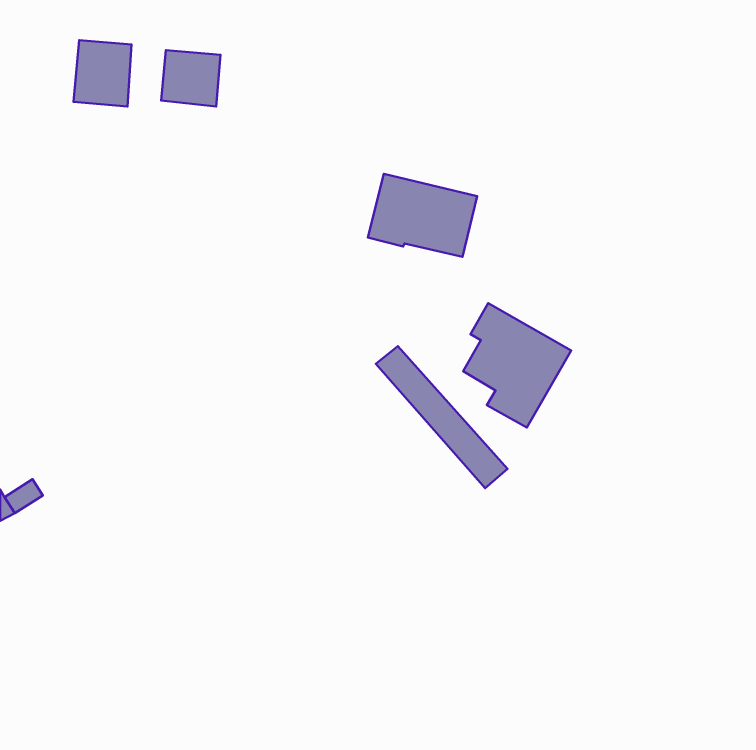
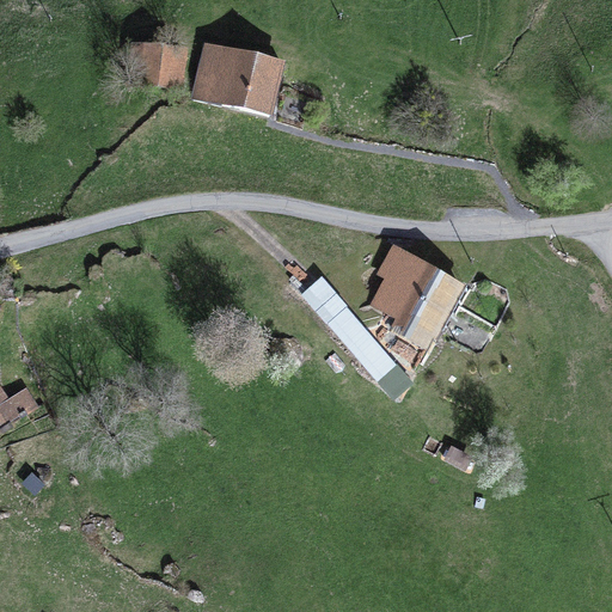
building: [74,40,131,106] -> none
building: [368,174,477,257] -> [192,45,281,112]

